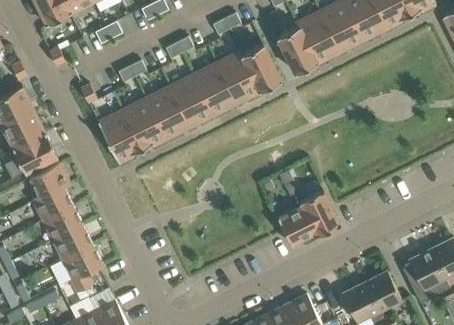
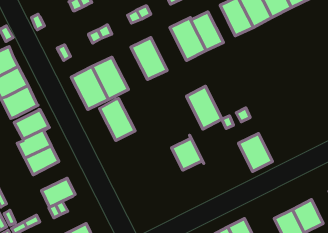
building: [193,63,236,115] -> [186,86,222,129]
building: [146,87,189,138] -> [99,98,135,141]
building: [277,203,316,245] -> [171,135,204,170]
building: [51,225,92,260] -> none

